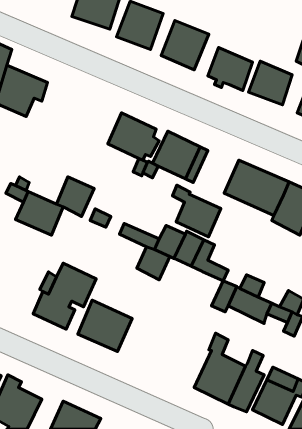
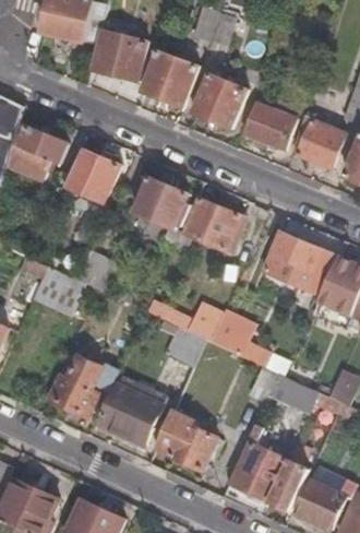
building: none -> [63,147,119,203]
building: [173,185,221,237] -> none
building: none -> [153,410,216,472]

